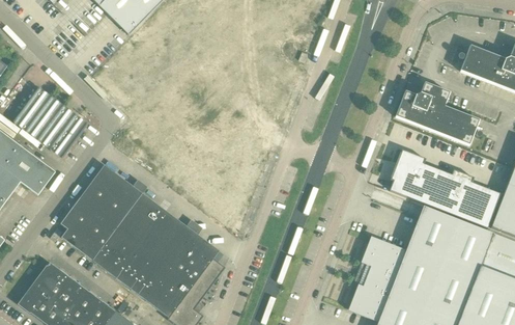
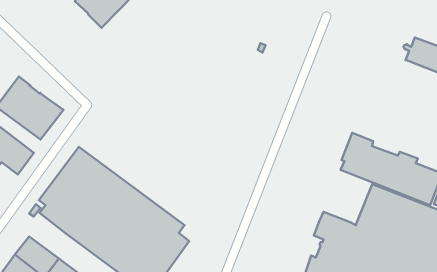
building: [395,82,481,145] -> none

